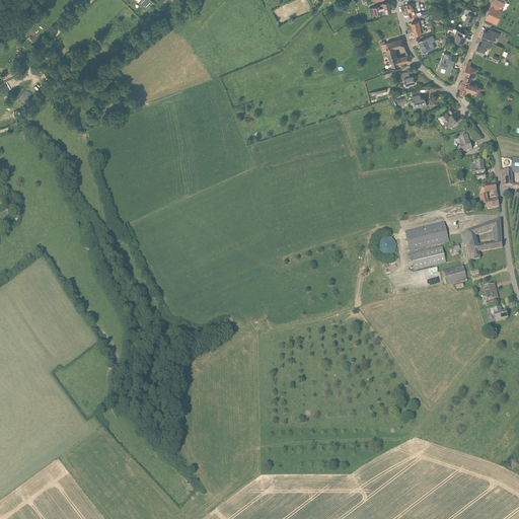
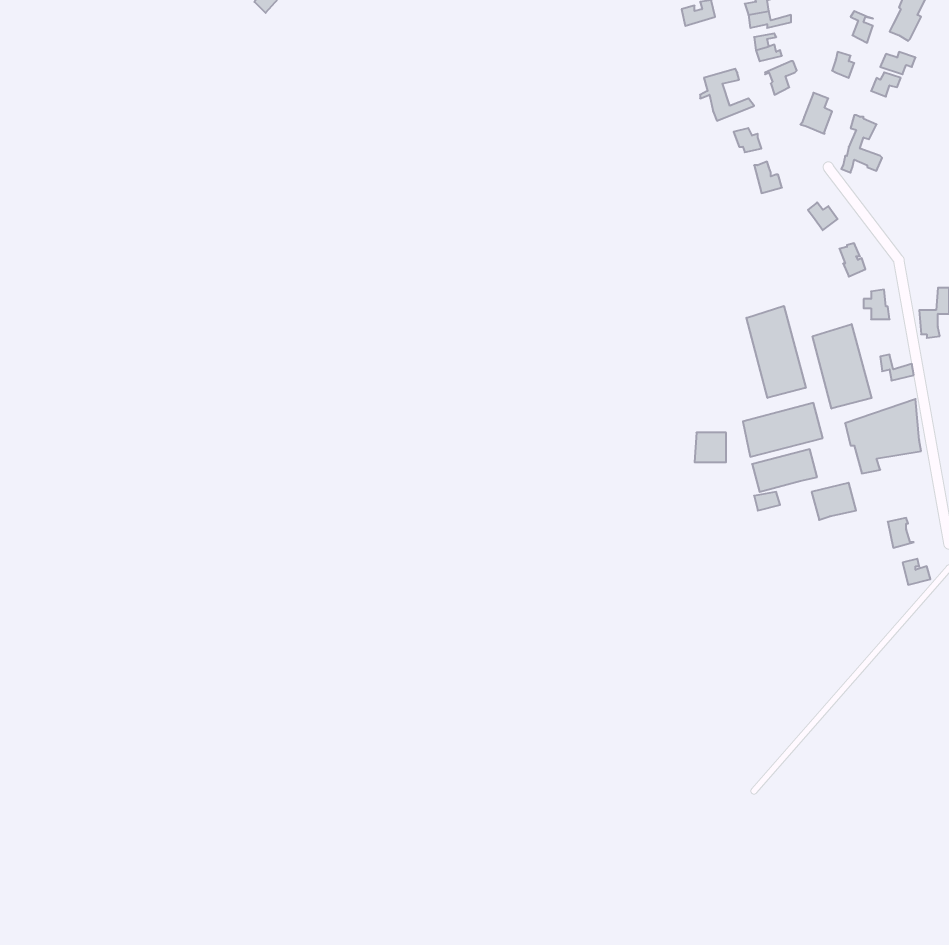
building: none -> [746,306,806,398]
building: none -> [813,324,872,409]

